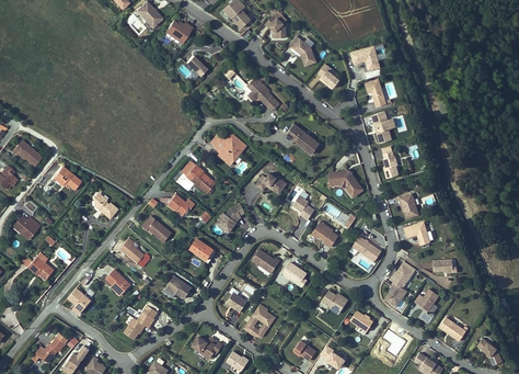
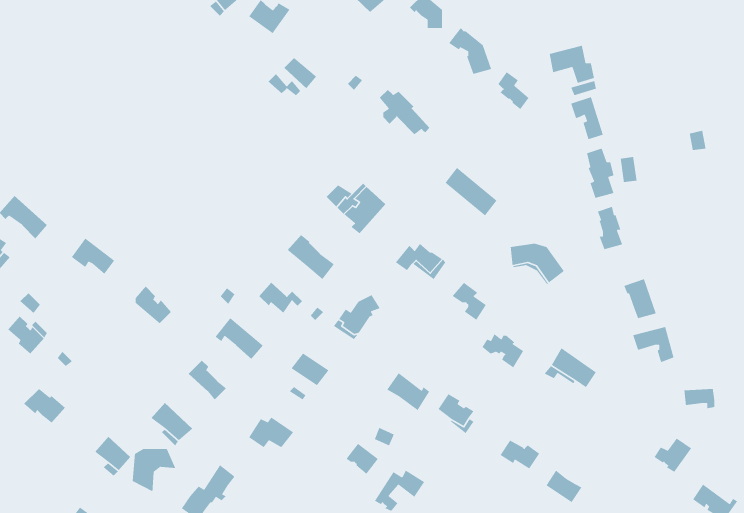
building: [385,260,415,307] -> none
building: none -> [132,448,177,492]

